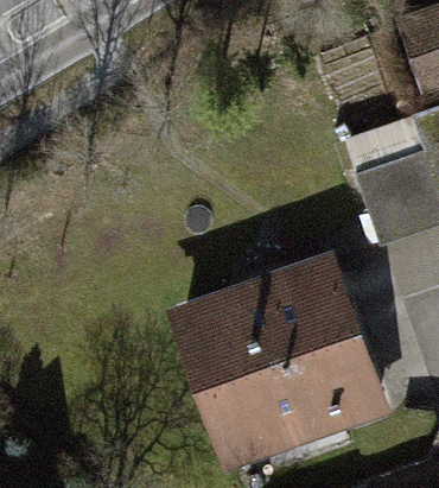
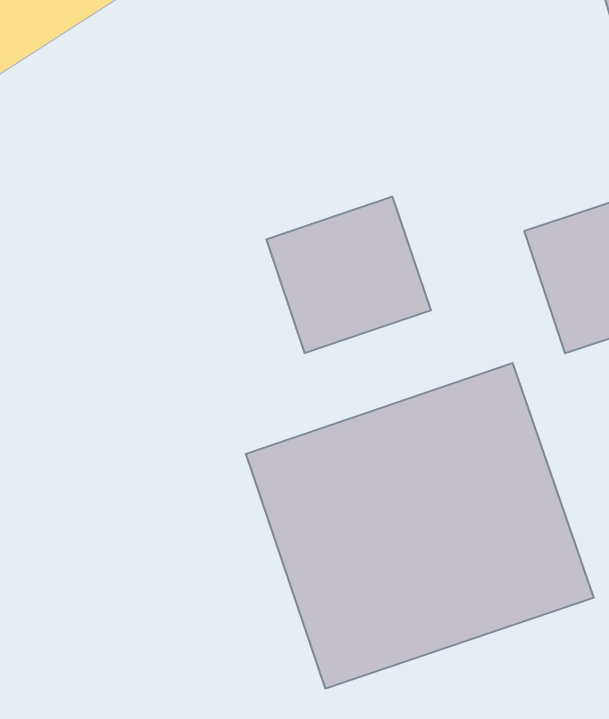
building: none -> [266,197,431,353]

